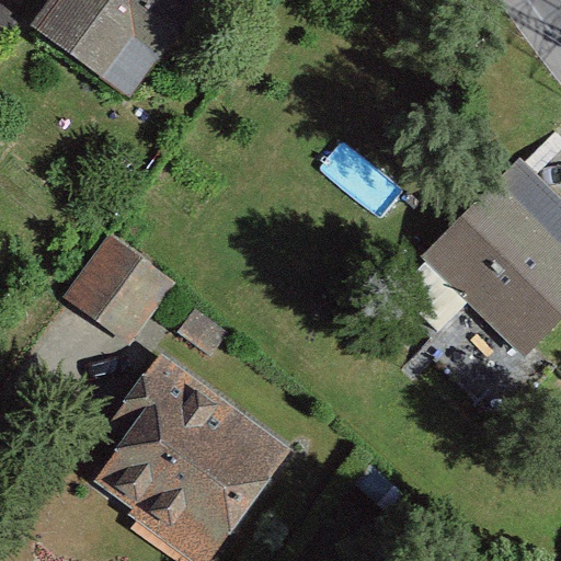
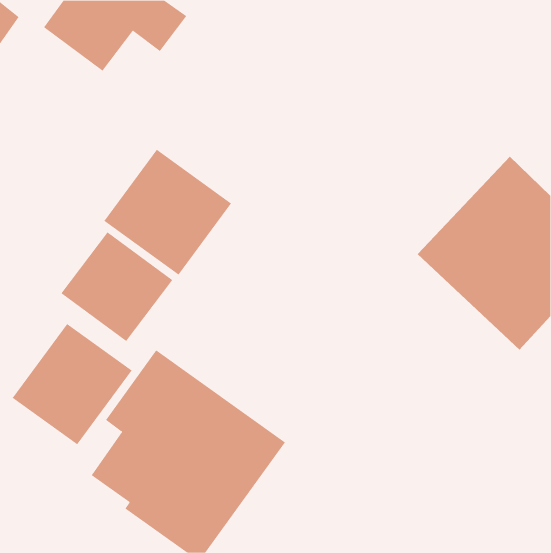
building: none -> [103,149,232,275]
building: none -> [12,323,132,445]

